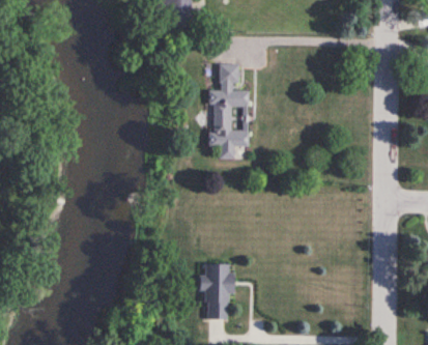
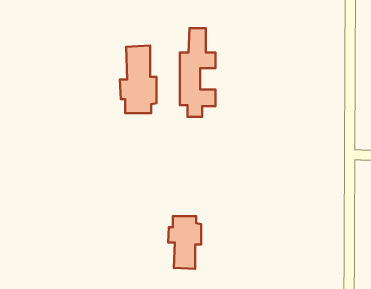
building: none -> [120,46,157,113]

